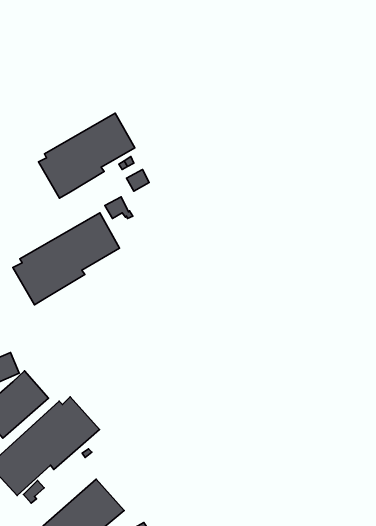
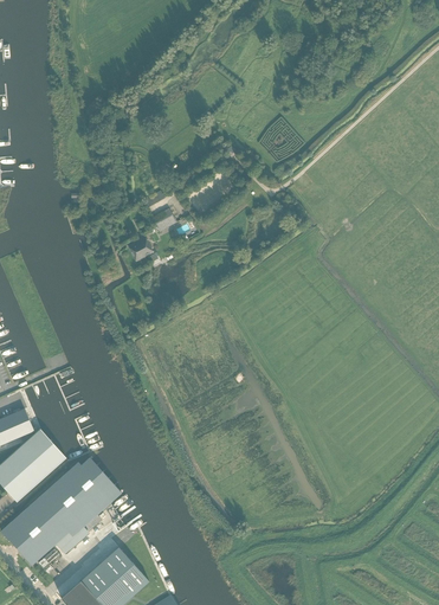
building: [38,113,135,198] -> none
building: [13,213,120,305] -> none

